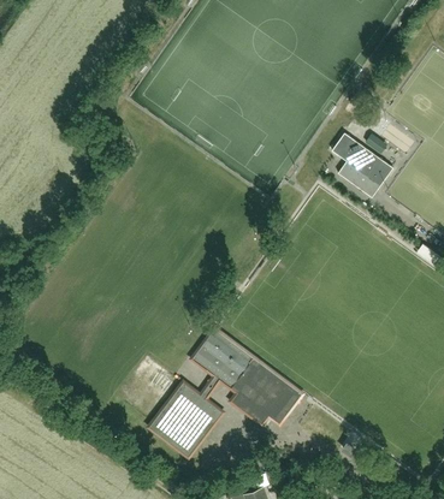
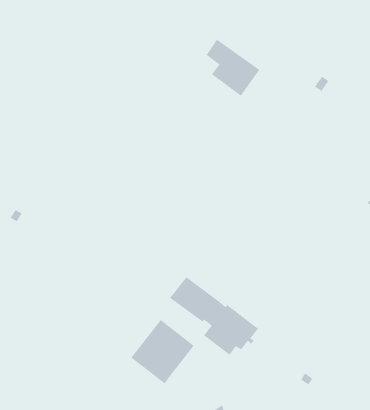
building: [332,132,393,197] -> [206,39,260,97]

